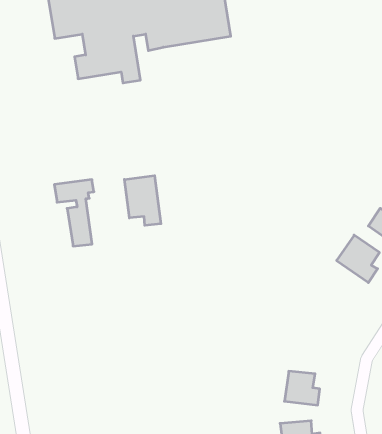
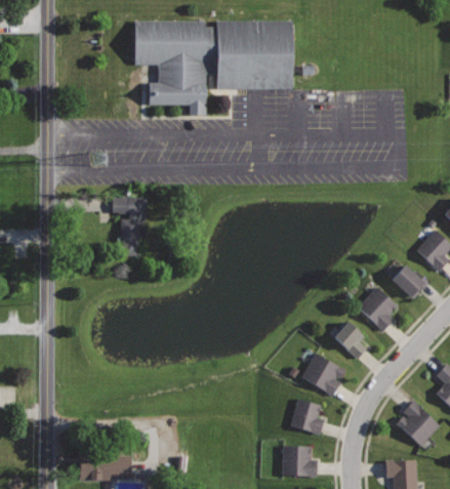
building: [124,176,161,225] -> none
building: none -> [333,321,367,360]
building: none -> [301,354,344,396]

